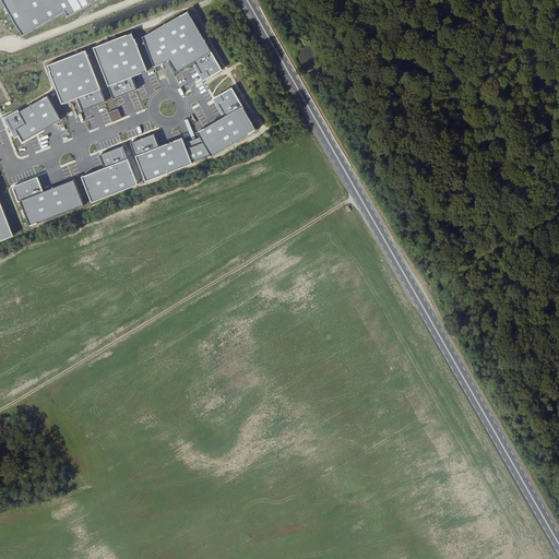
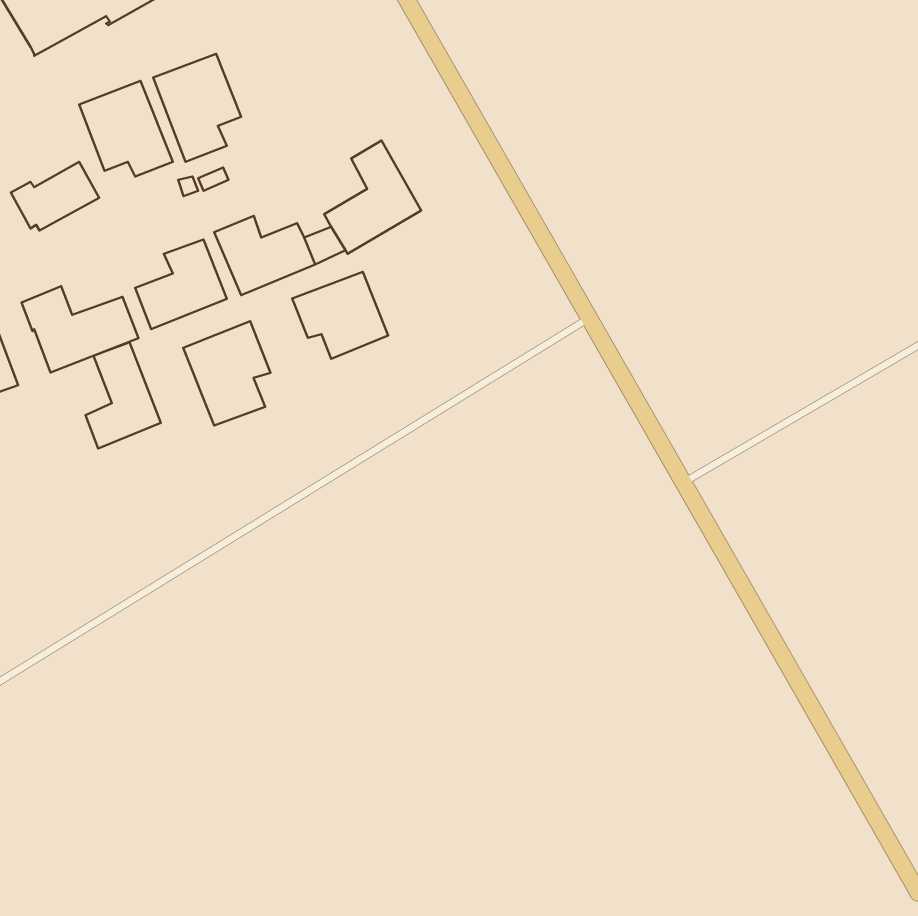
building: [143,11,223,81] -> none
building: none -> [292,272,388,359]
building: none -> [183,321,270,425]
building: none -> [85,342,161,449]

